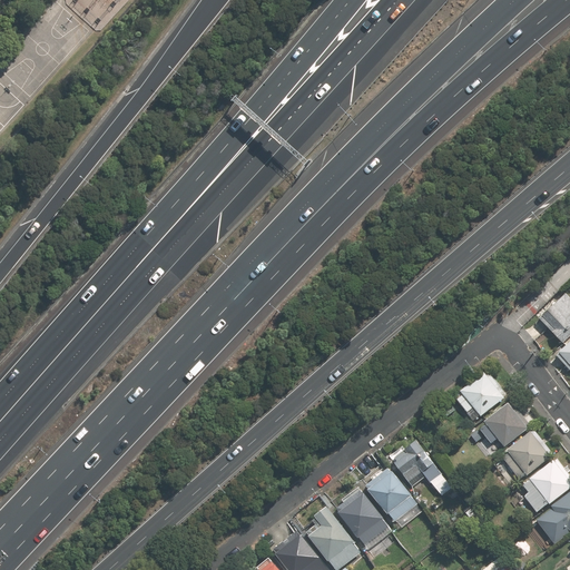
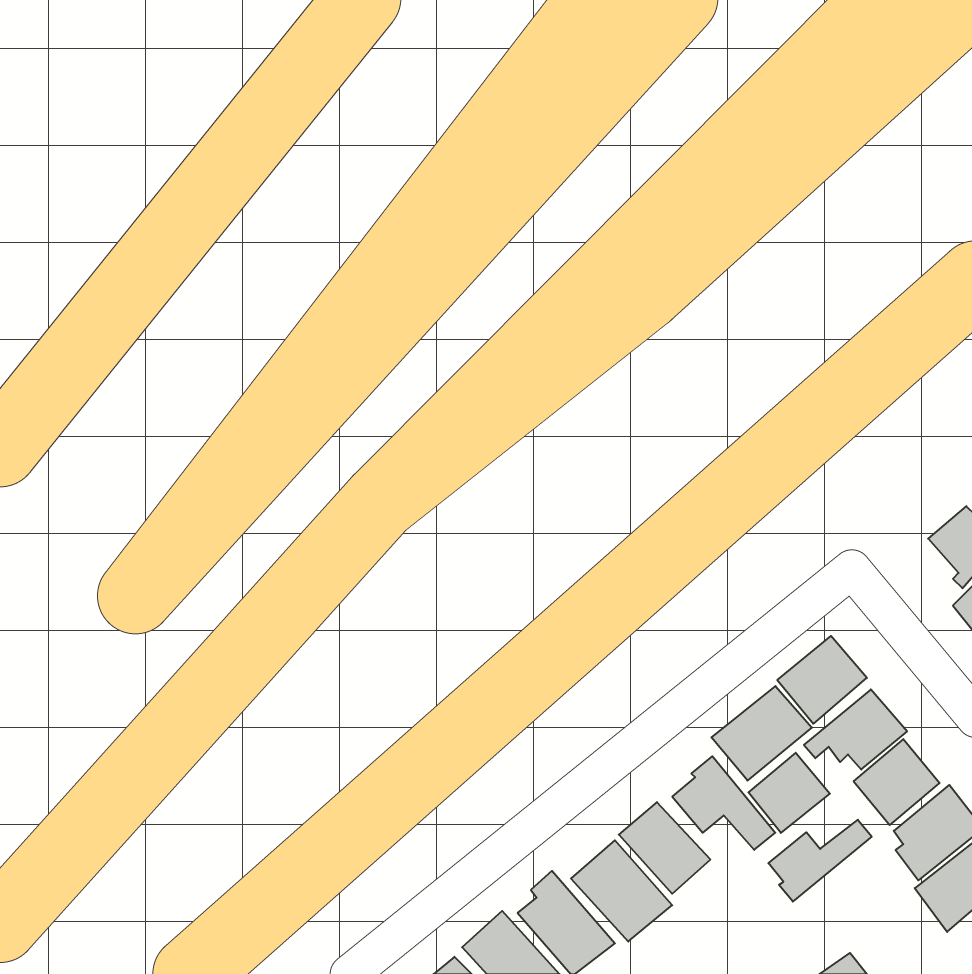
building: none -> [711,686,812,781]
building: none -> [748,753,830,833]
building: none -> [768,820,872,902]

